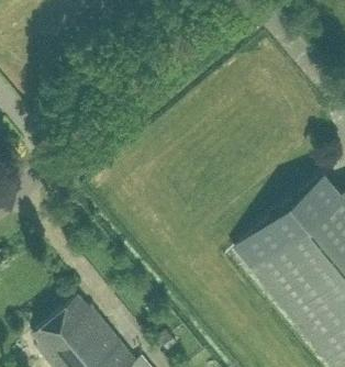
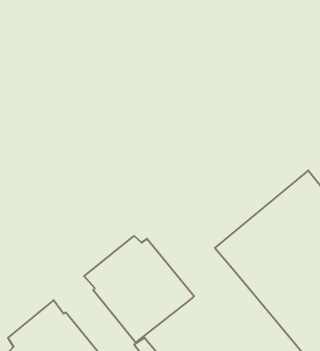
building: none -> [84,236,194,342]

